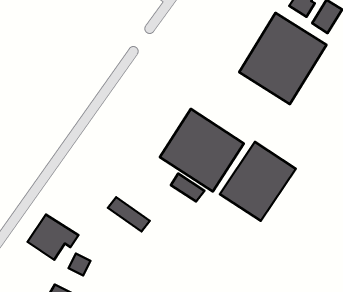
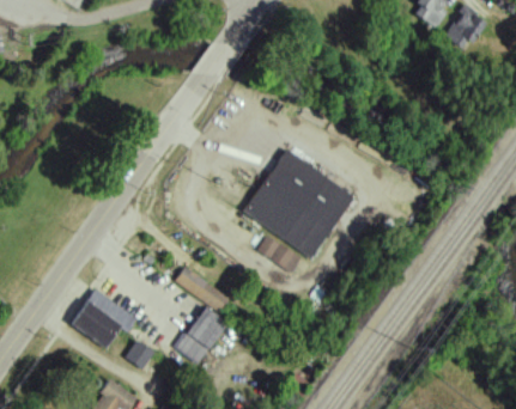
building: [239,13,326,104] -> none
building: [220,142,296,221] -> none
building: none -> [177,305,227,364]

